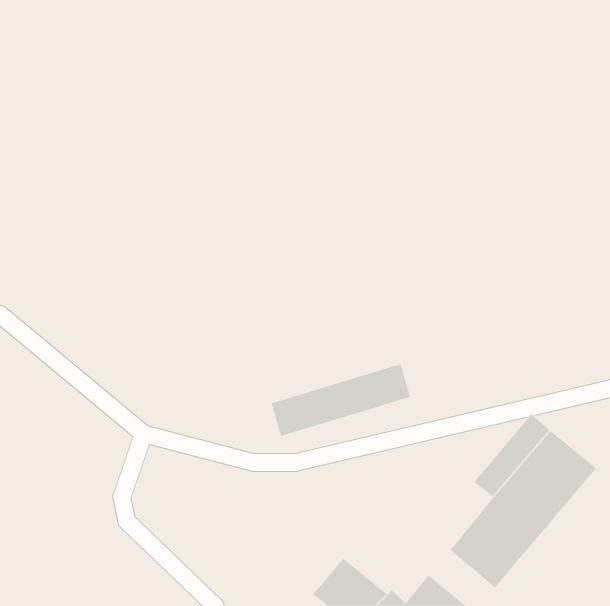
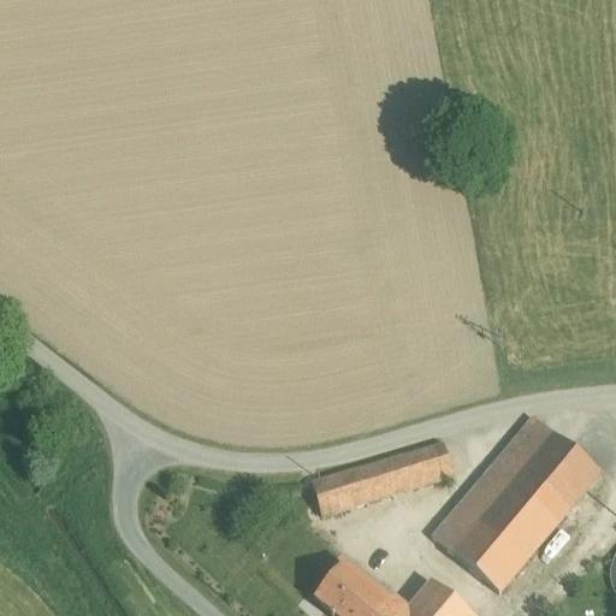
building: [271,364,411,436] -> [313,442,454,515]
building: none -> [433,485,497,553]

